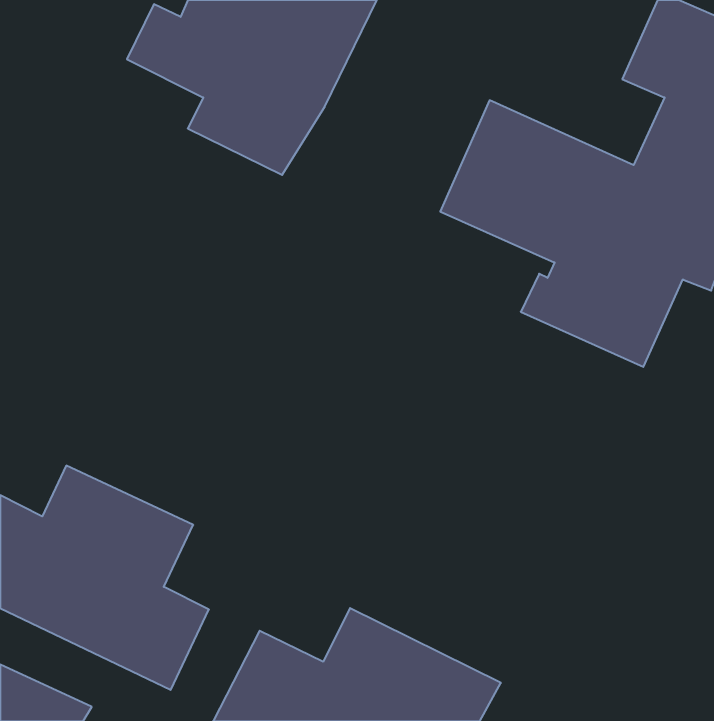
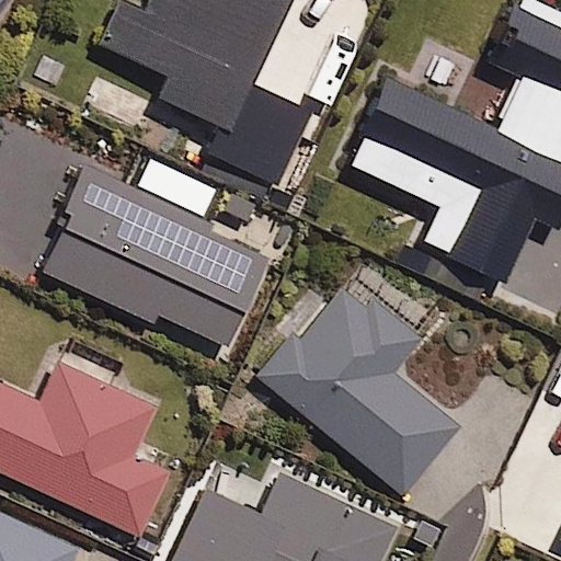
building: none -> [213,83,317,193]
building: none -> [38,167,268,345]
building: none -> [259,276,458,495]

